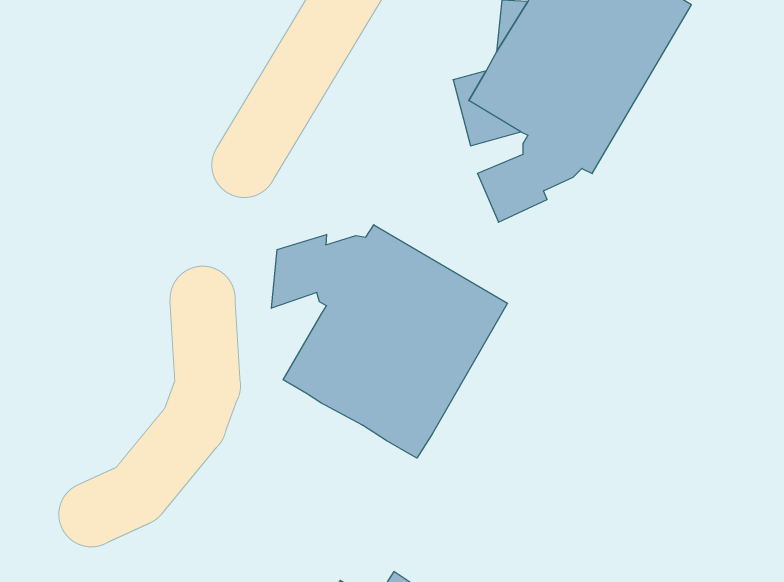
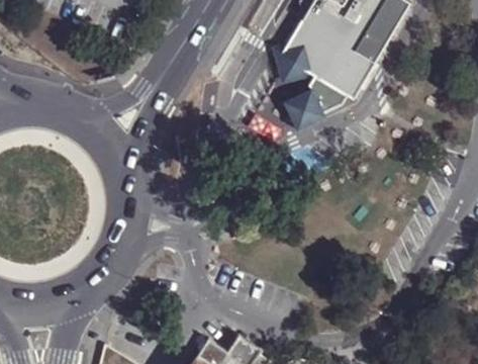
building: [271,225,507,458] -> none

